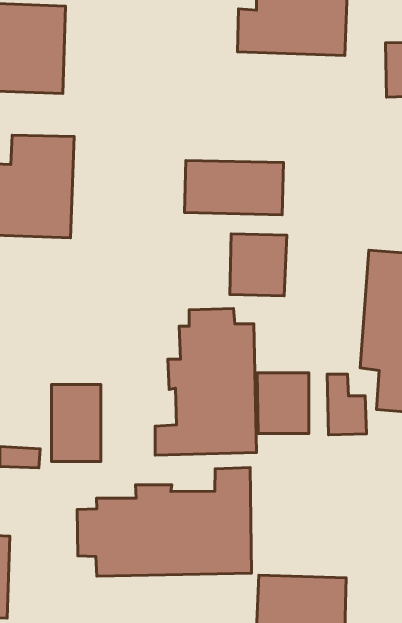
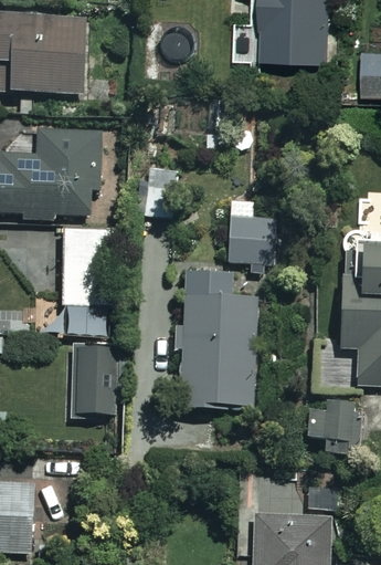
building: [185,160,283,215] -> none
building: none -> [63,230,107,335]
building: [257,373,309,434] -> [308,397,353,450]
building: [77,467,252,576] -> none

